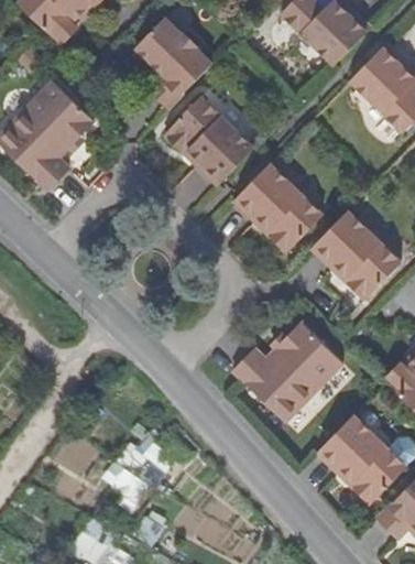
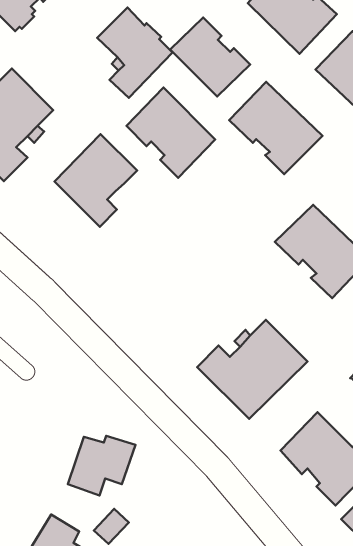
building: none -> [170,17,250,97]
building: none -> [54,134,137,227]
building: [233,163,325,253] -> [229,82,323,174]

